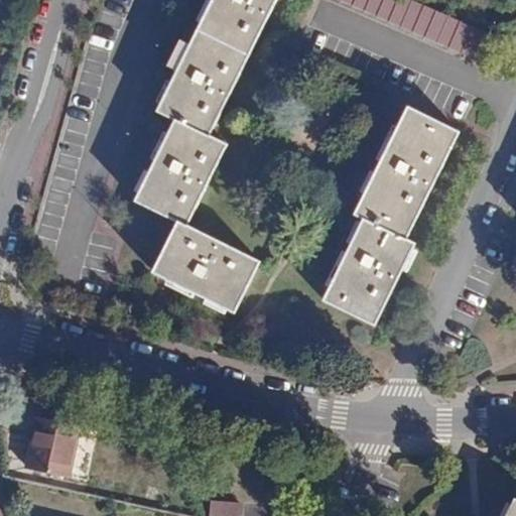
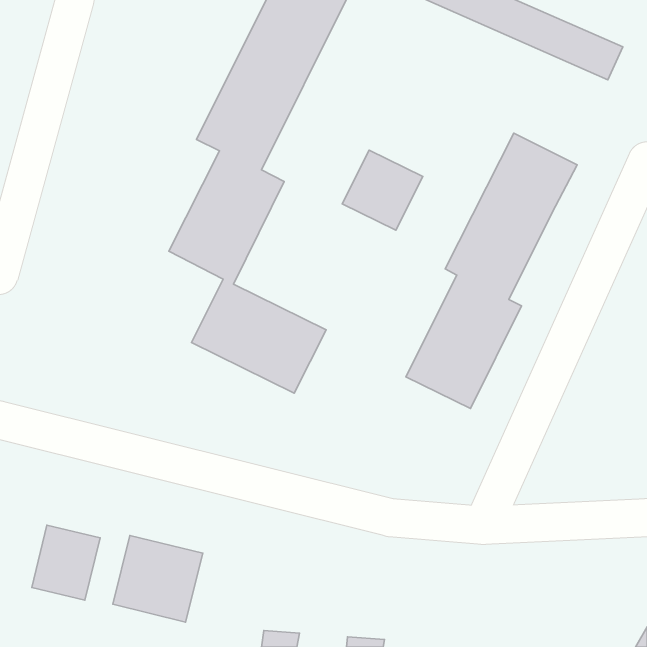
building: none -> [342,150,423,230]
building: none -> [113,535,203,622]

